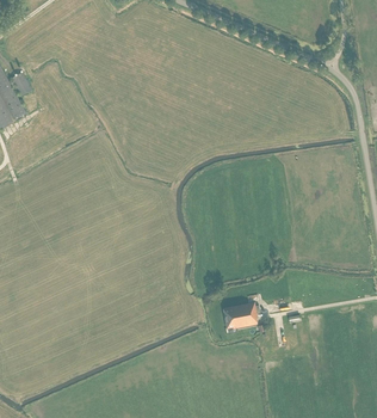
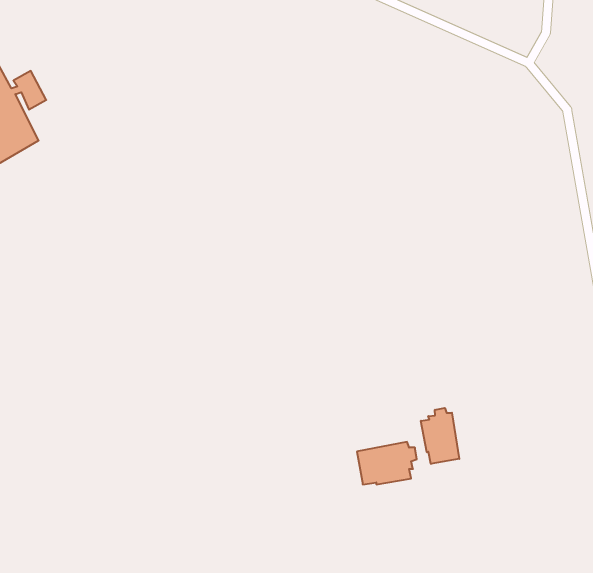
building: none -> [421,408,459,464]

